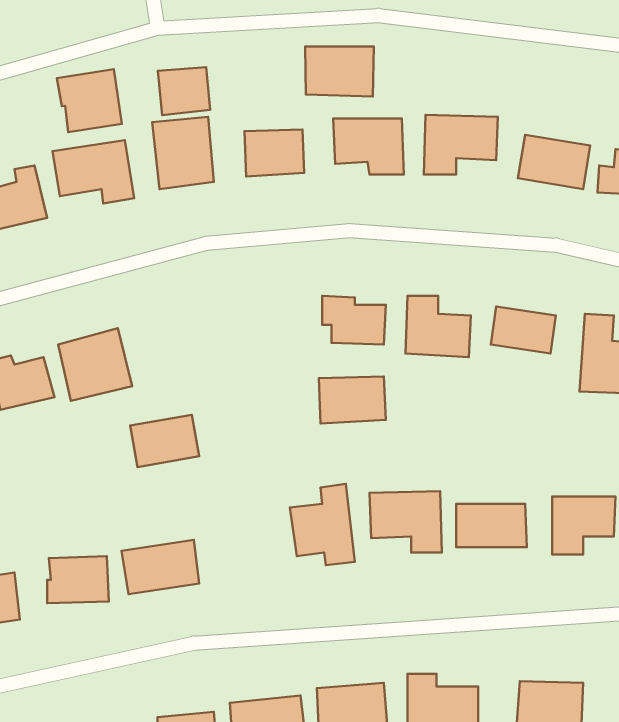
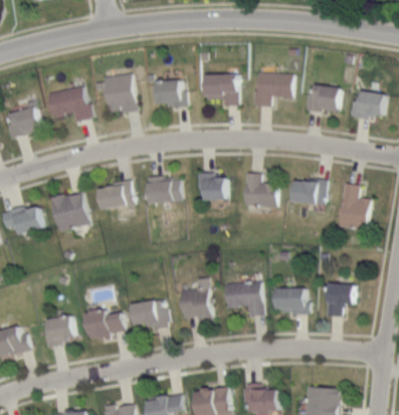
building: [305,47,374,96] -> none
building: [158,67,210,115] -> none
building: [57,69,122,132] -> none
building: [319,376,386,423] -> [144,177,181,203]
building: [130,415,199,467] -> [94,181,133,210]
building: none -> [128,300,166,329]

